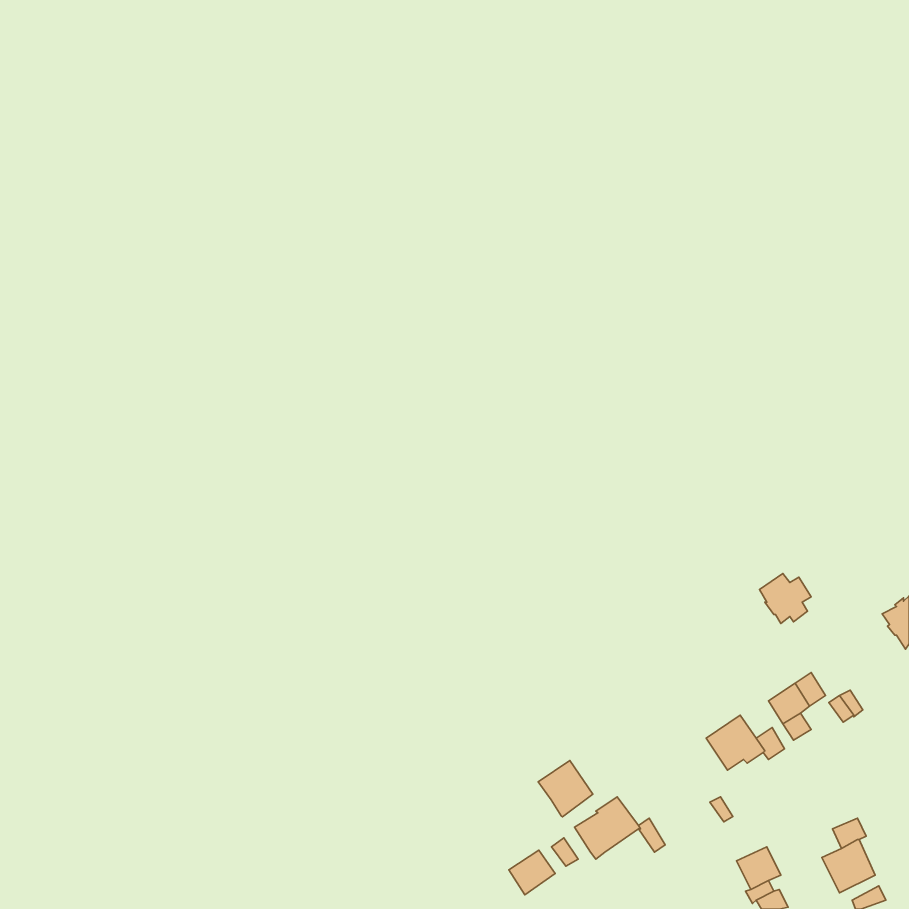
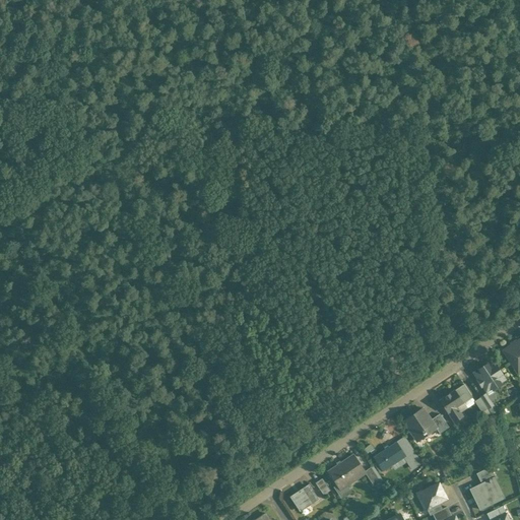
building: [760,574,811,623] -> [473,364,503,392]
building: [538,760,593,817] -> none
building: none -> [374,443,404,470]

